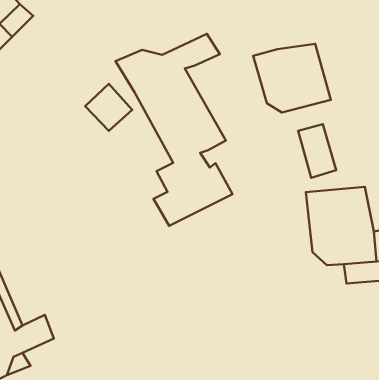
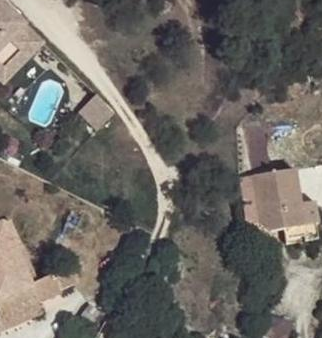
building: [115,34,232,226] -> none
building: [253,44,331,112] -> none

